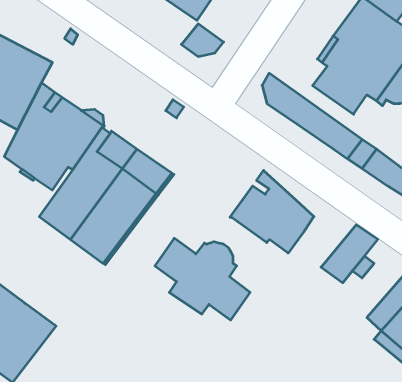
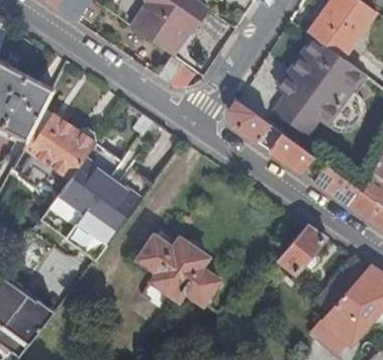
building: [230,170,314,253] -> none

